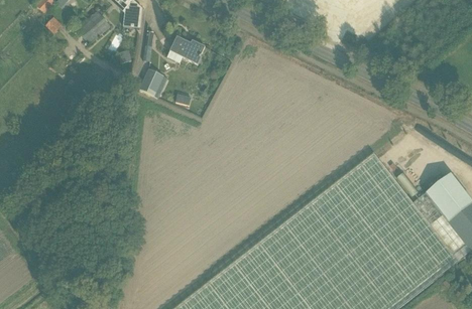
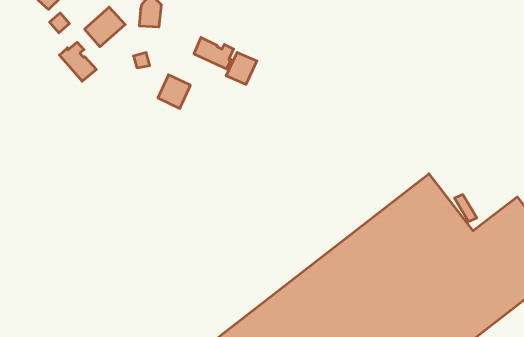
building: none -> [59,42,96,81]
building: none -> [226,52,257,84]

